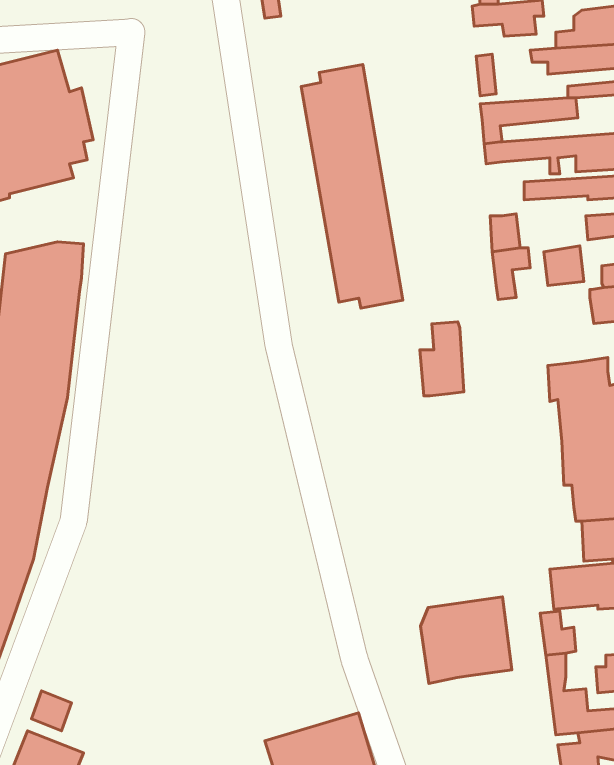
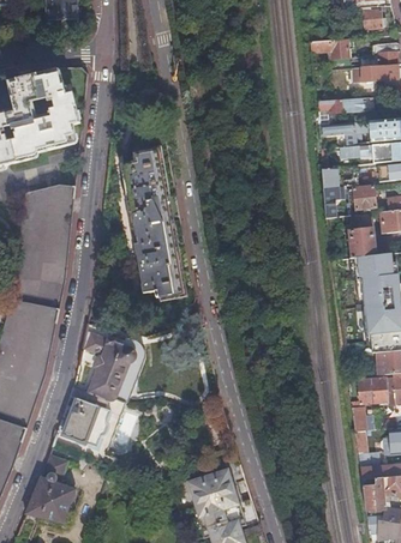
building: [301,65,403,308] -> [119,150,180,296]
building: [420,322,464,396] -> [348,213,375,258]
building: none -> [80,330,143,402]
building: none -> [62,394,110,446]
building: [421,597,512,684] -> none

